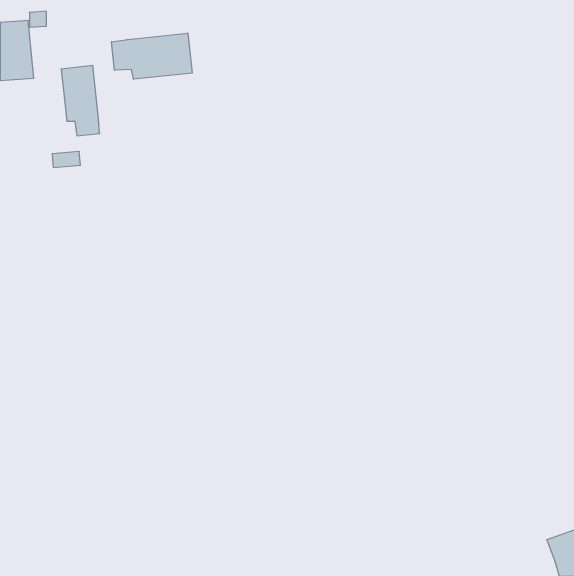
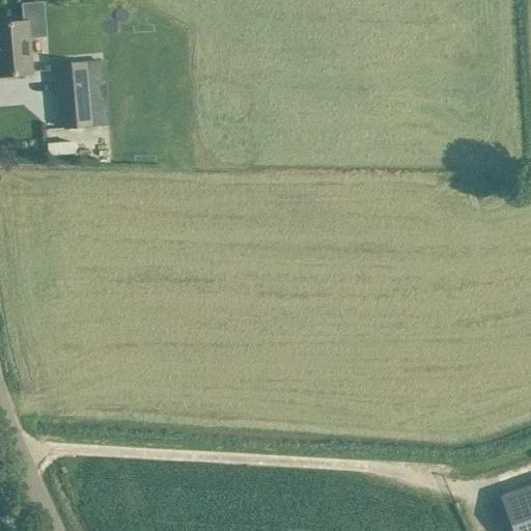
building: [111,33,192,79] -> none

